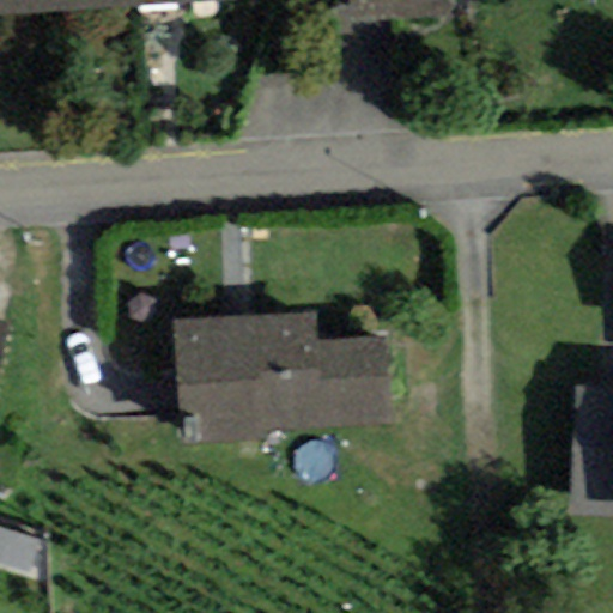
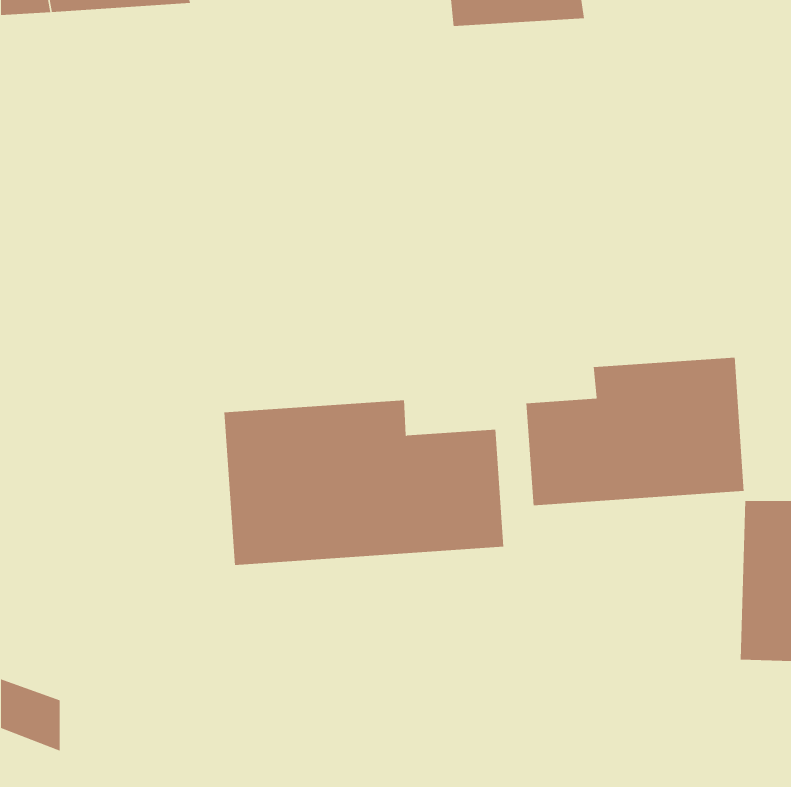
building: none -> [526,357,744,506]

